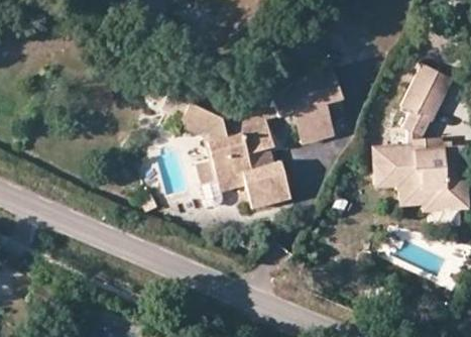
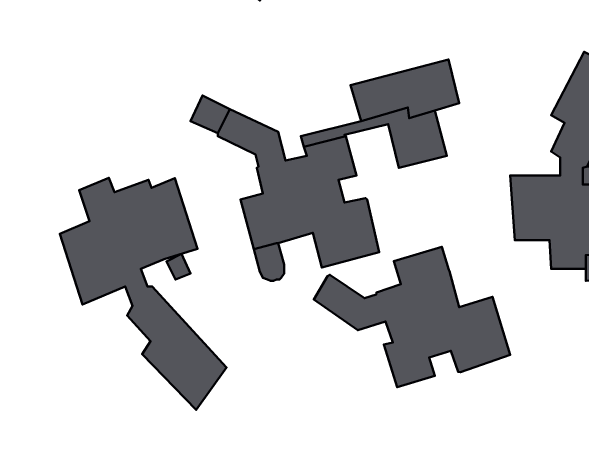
building: none -> [60,178,226,410]
building: none -> [314,247,510,387]

